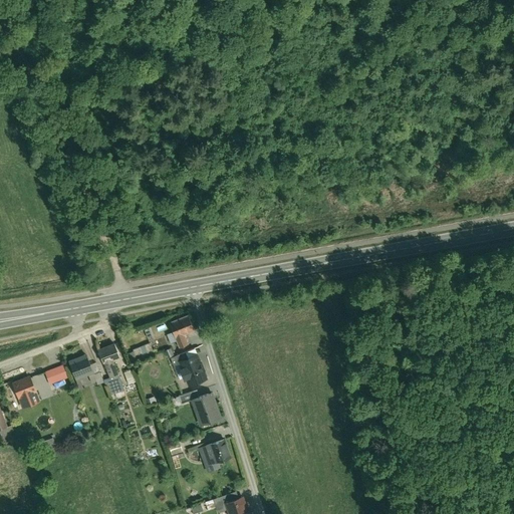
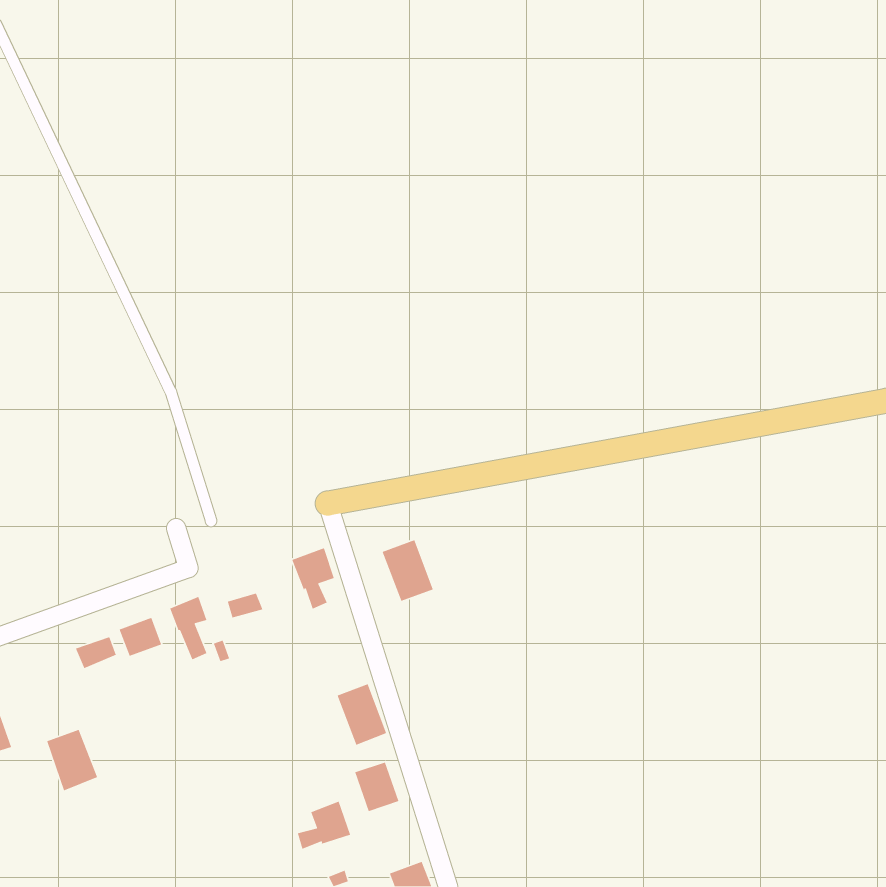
building: [178,353,208,390] -> [382,539,434,602]
building: [10,375,40,412] -> [46,729,98,792]
building: none -> [297,801,351,850]

